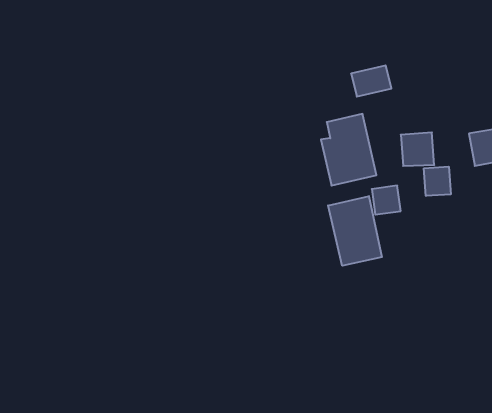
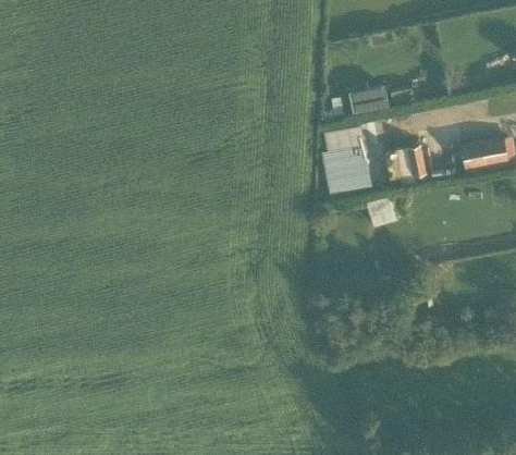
building: [424,167,451,196] -> none
building: [328,196,382,266] -> none

